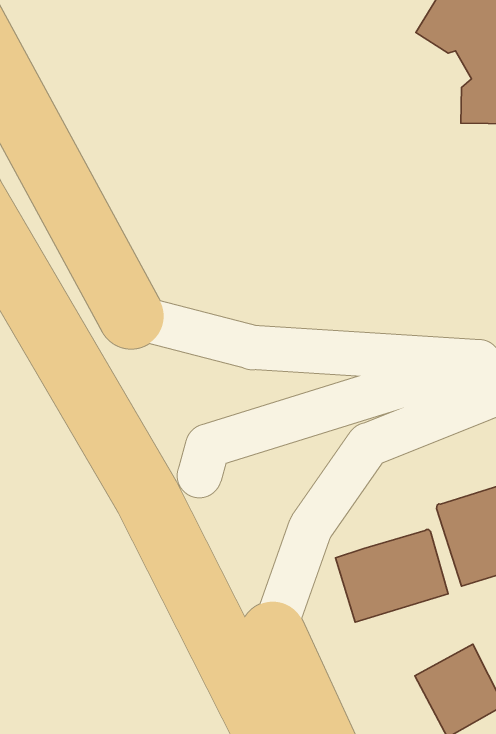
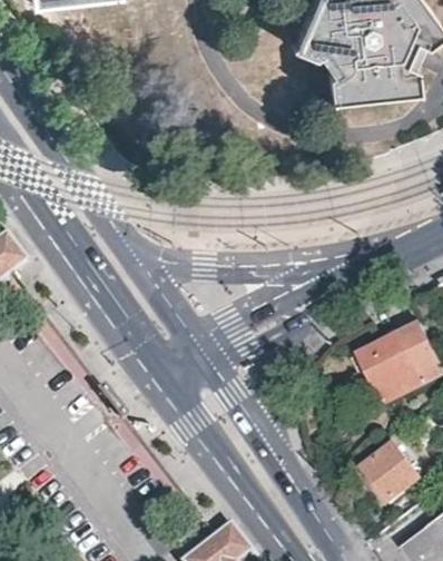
building: [335,530,448,622] -> none

